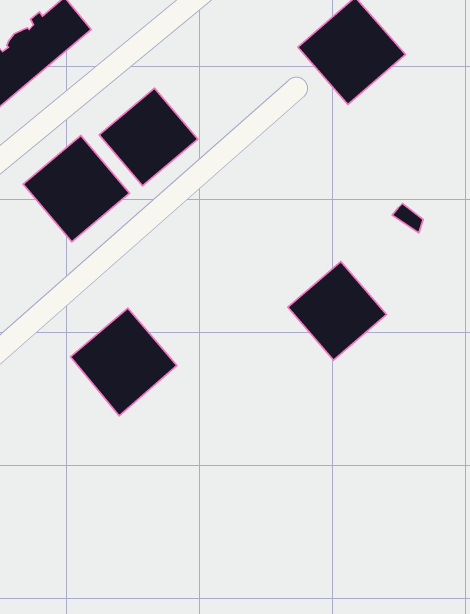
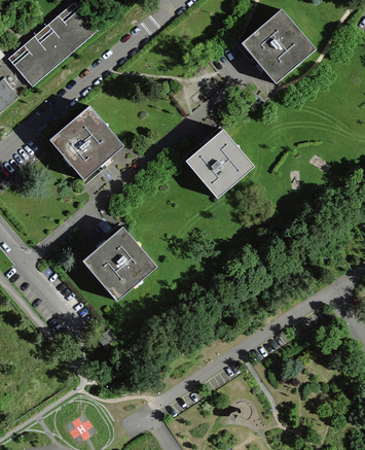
building: [99,88,198,186] -> none
building: [288,261,387,360] -> [185,129,254,198]

